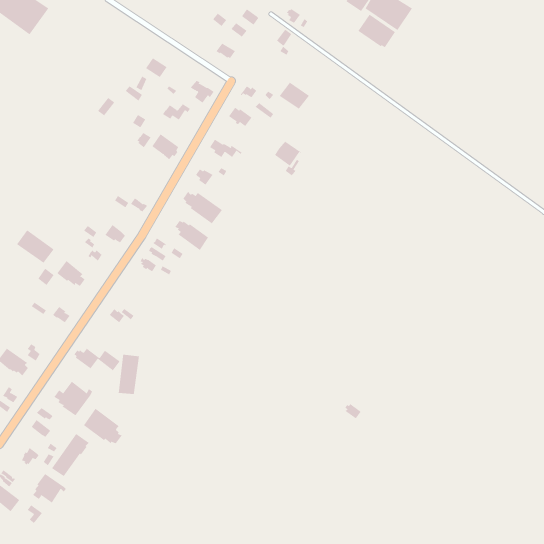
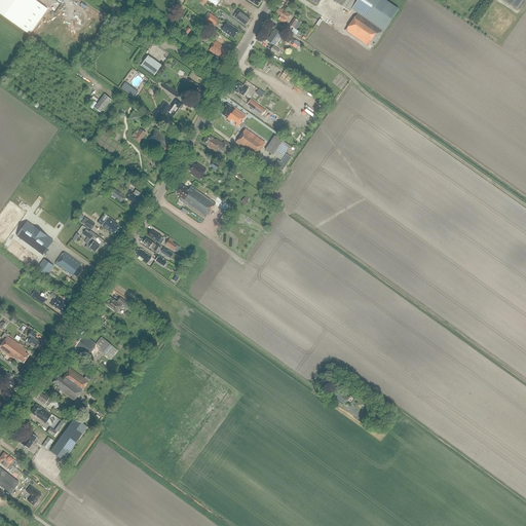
building: [279,82,310,110] -> [234,128,264,155]
building: [174,220,209,251] -> none
building: [118,354,140,395] -> none
building: [83,408,122,444] -> none
building: [32,473,66,503] -> none

